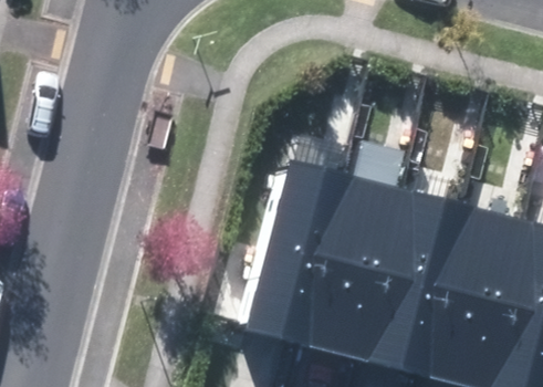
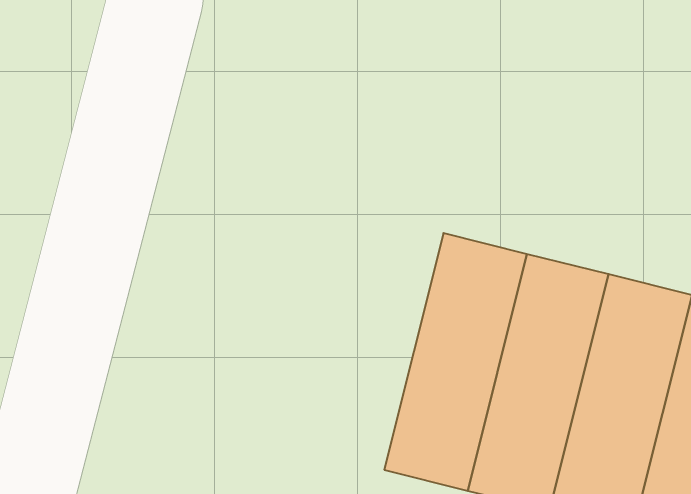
building: [247,160,349,347] -> none

